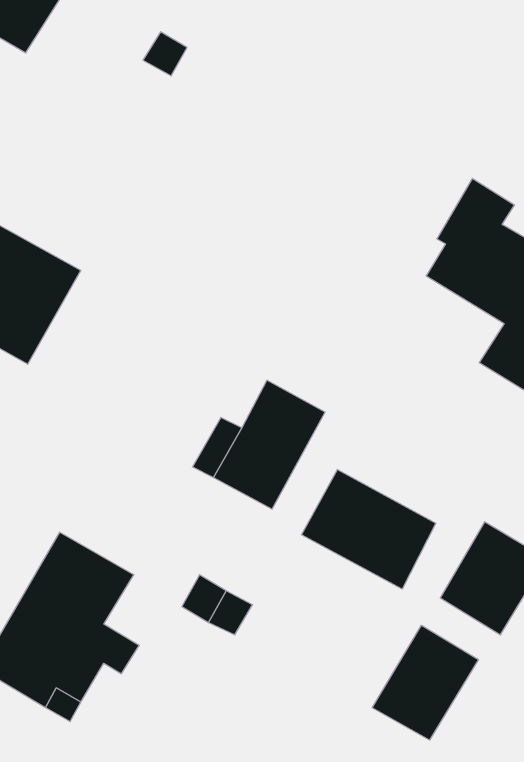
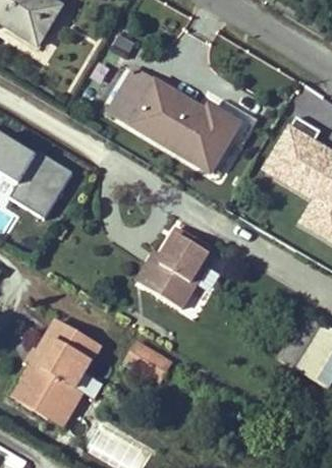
building: none -> [111,71,238,174]
building: [302,469,436,589] -> none
building: [372,625,478,740] -> none

